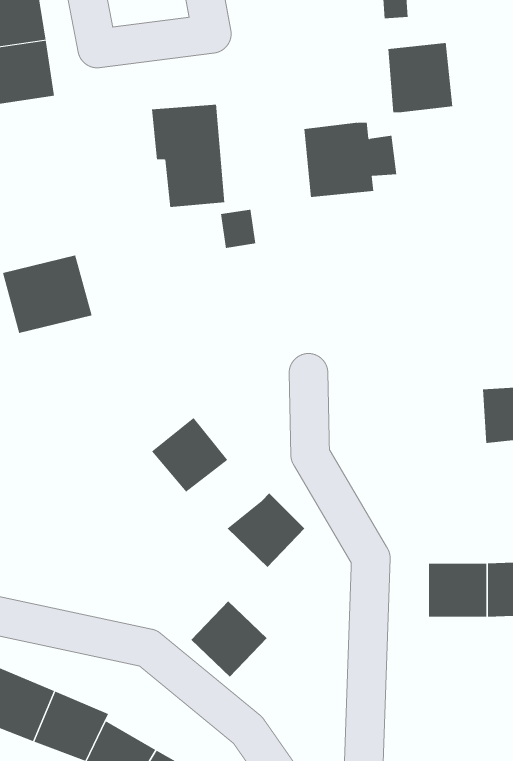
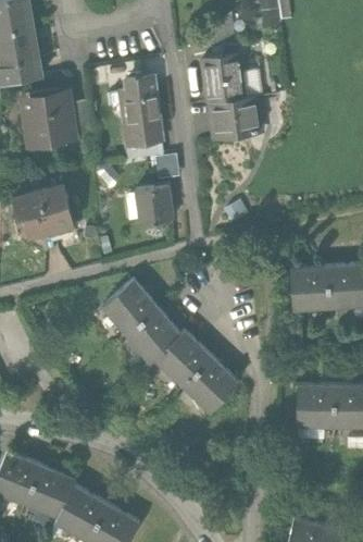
building: [387,42,453,113] -> [203,51,247,98]
building: none -> [23,90,76,146]
building: none -> [129,186,172,225]
building: none -> [290,271,331,309]
building: none -> [133,318,183,368]
building: [191,600,267,677] -> [187,364,238,415]

